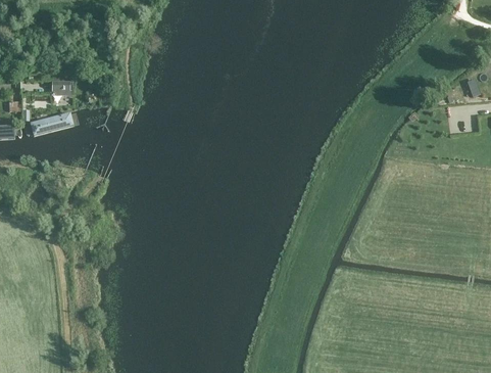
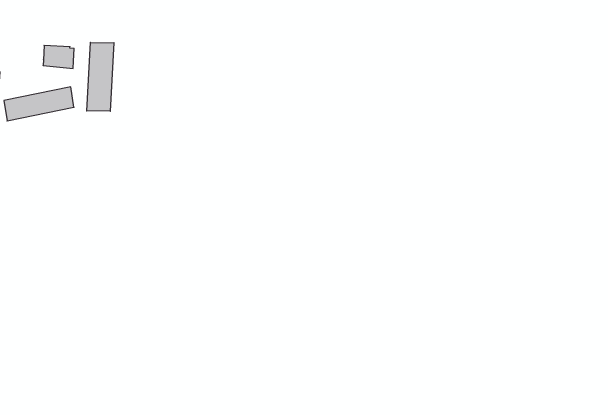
building: none -> [87,42,114,111]

